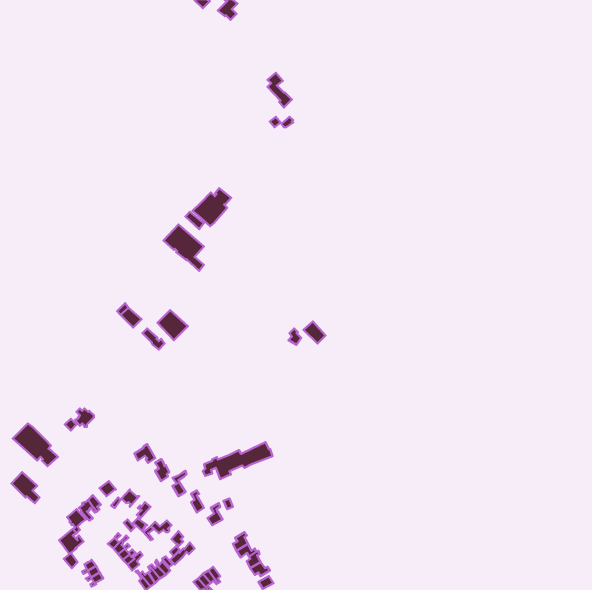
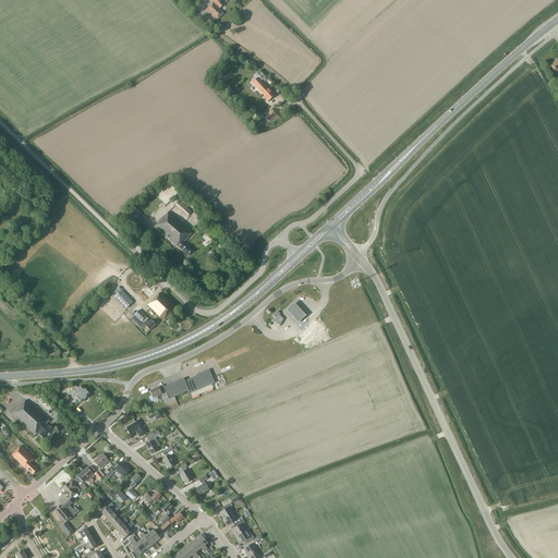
building: [193,188,231,226] -> none
building: [203,442,272,479] -> [149,369,215,404]

